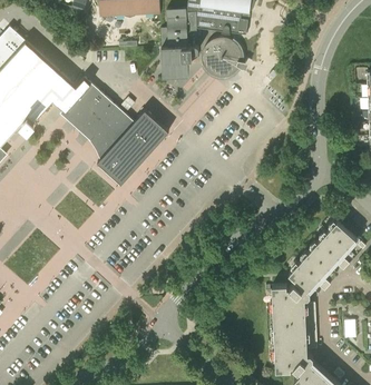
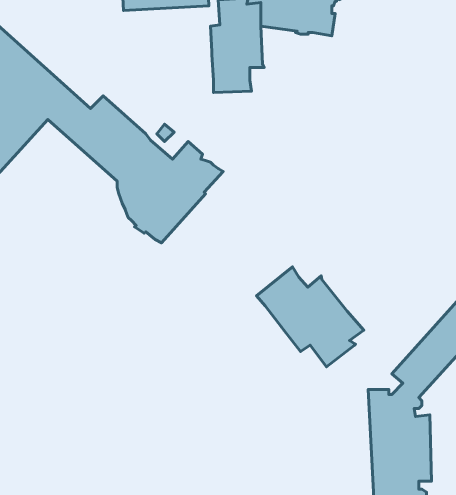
building: [202,38,245,78] -> none
building: none -> [256,267,364,367]

